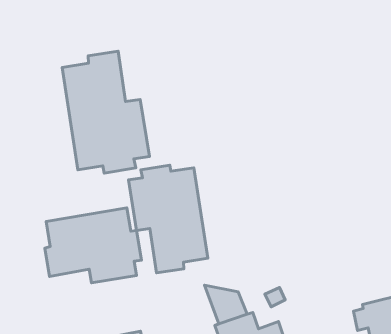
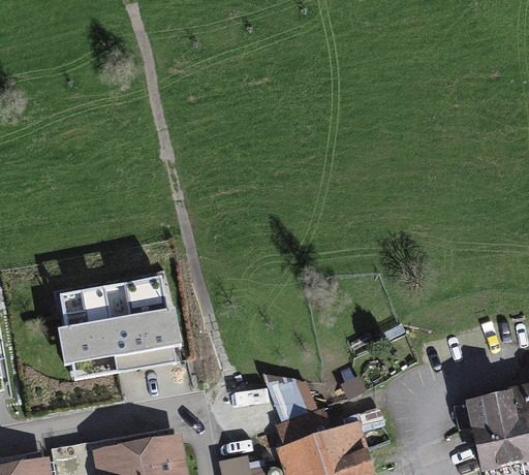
building: [62,51,149,173] -> none
building: [128,165,208,273] -> none

